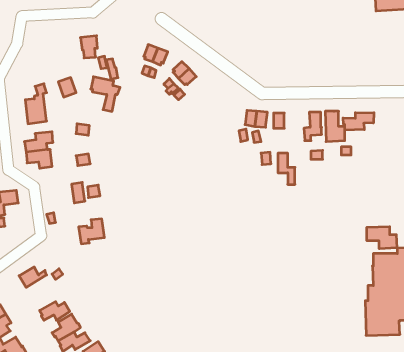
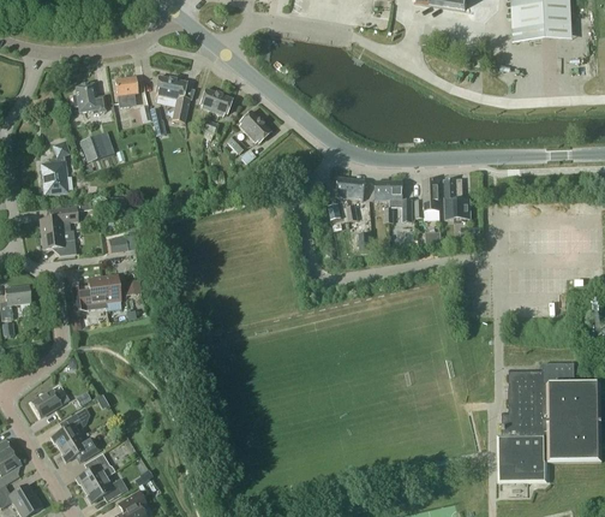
building: none -> [72,84,106,113]
building: [91,77,120,111] -> [155,76,194,123]
building: [343,113,374,130] -> none
building: [278,153,295,184] -> [389,182,412,224]
building: [79,219,104,244] -> [71,278,106,311]
building: [367,227,397,249] -> none
building: none -> [50,408,89,448]

